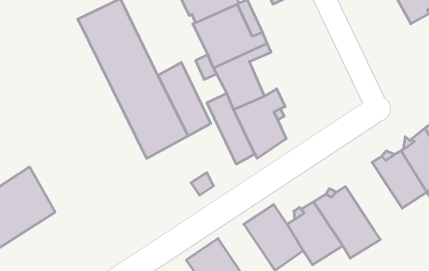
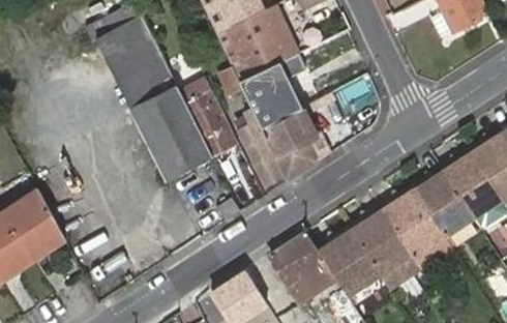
building: none -> [383,184,446,259]

